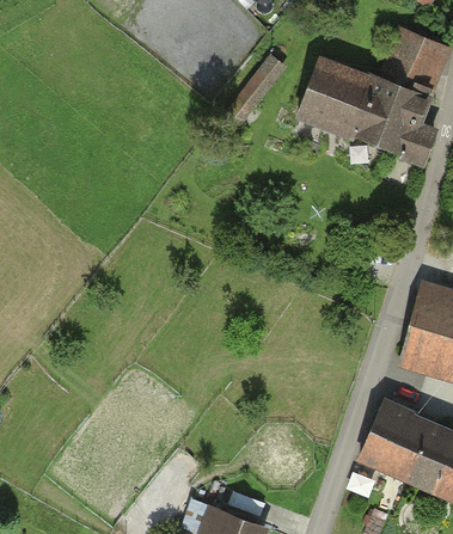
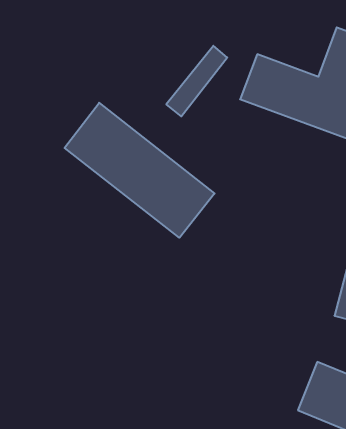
building: none -> [65,103,215,238]

